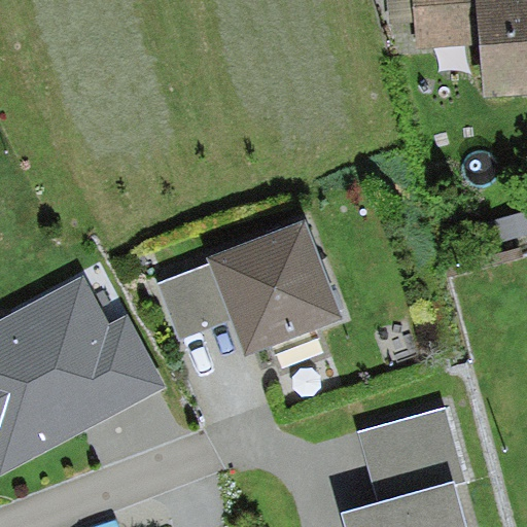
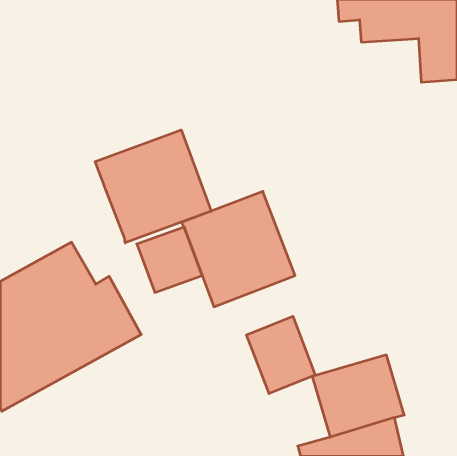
building: none -> [95,130,211,243]
building: none -> [247,316,315,394]

